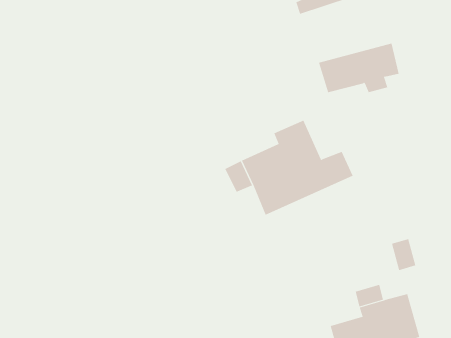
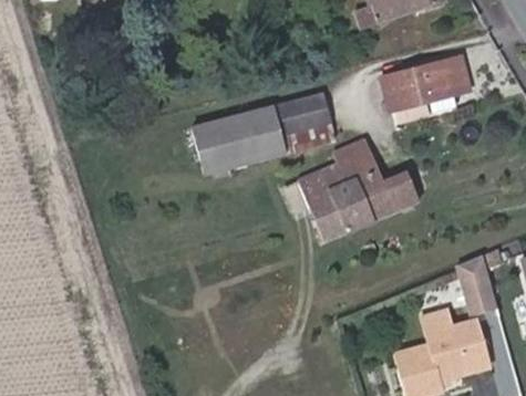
building: none -> [194,93,334,171]

